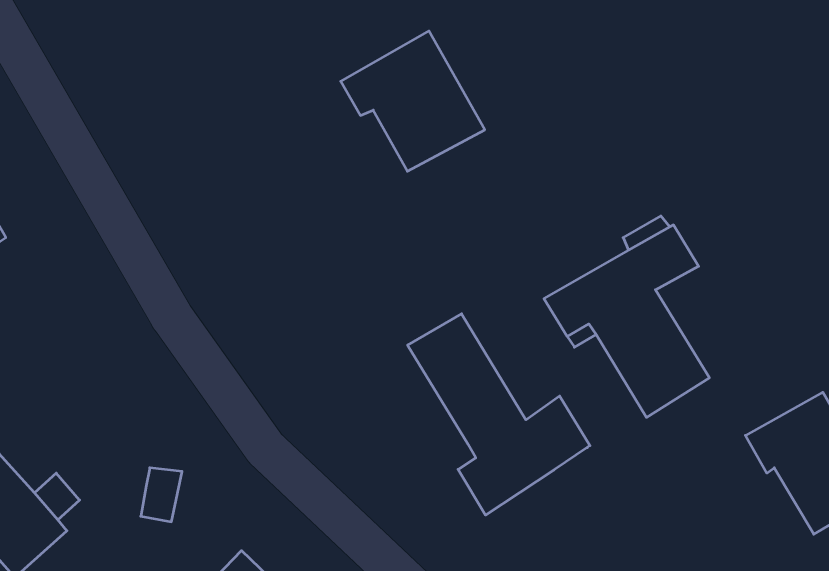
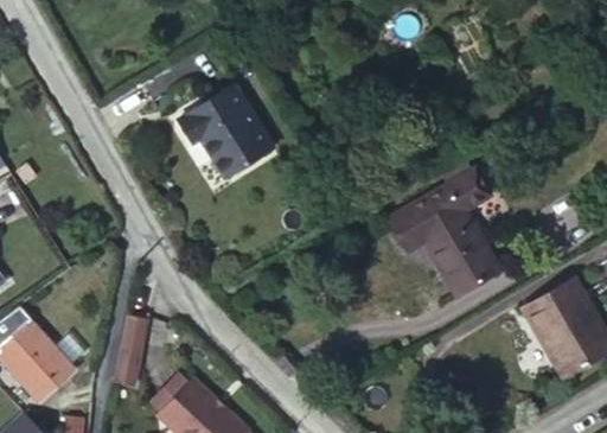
building: [341,31,485,171] -> [181,82,276,174]
building: [408,314,590,515] -> none

